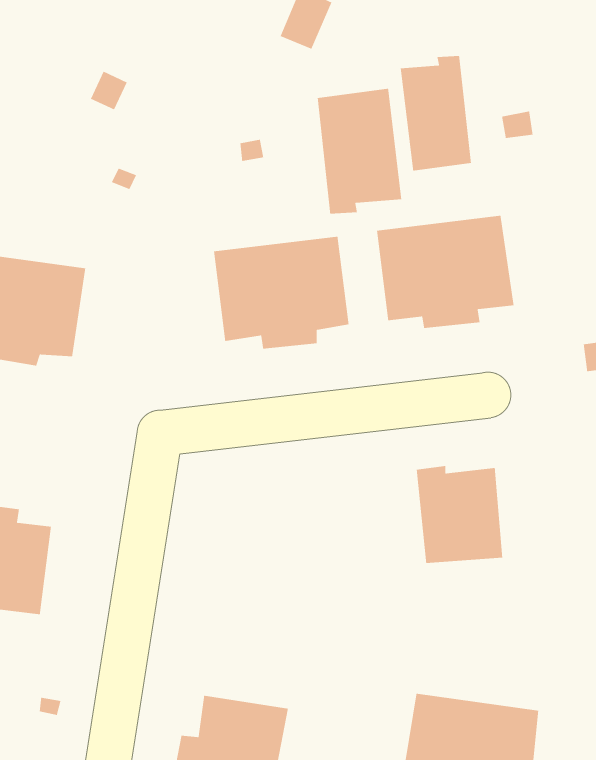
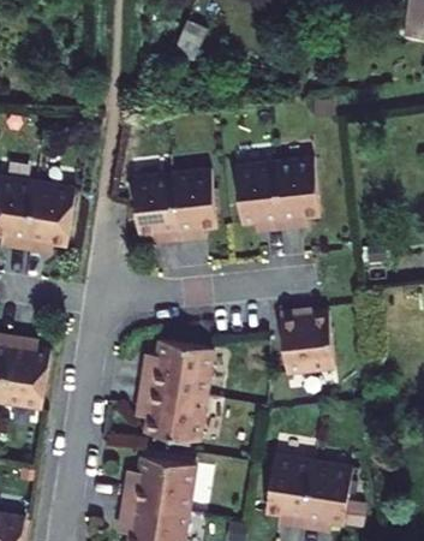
building: [400,55,472,172] -> none
building: [317,88,402,215] -> none
building: none -> [127,344,204,445]

